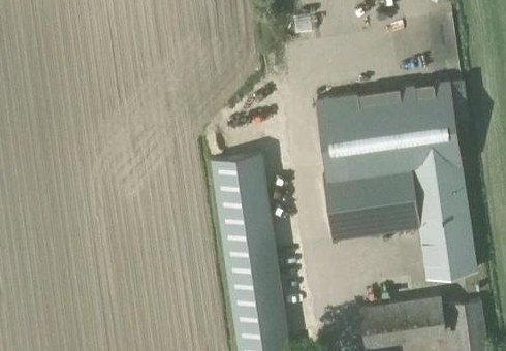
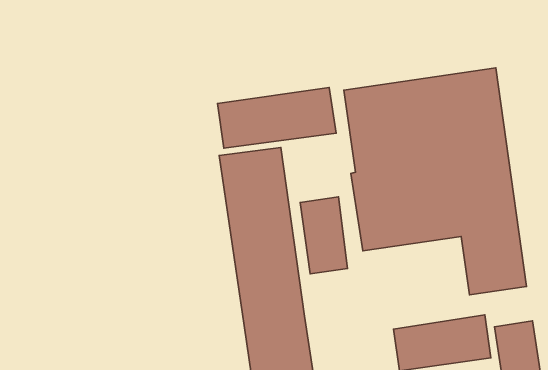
building: none -> [217,87,336,148]
building: none -> [300,197,348,274]

